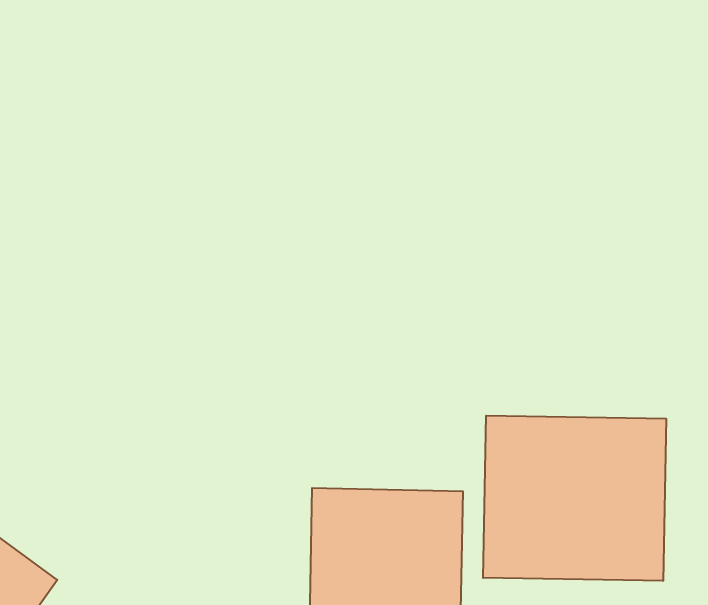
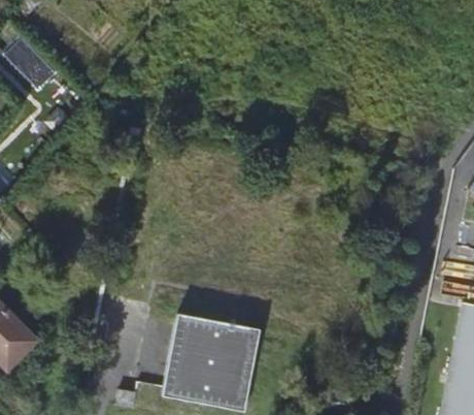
building: [483,416,666,581] -> none

